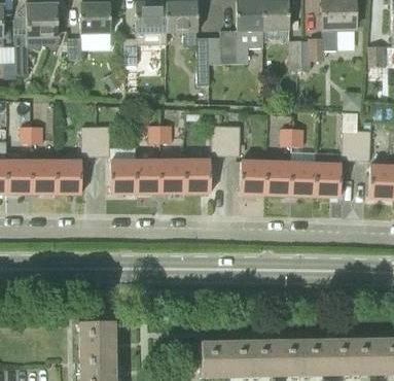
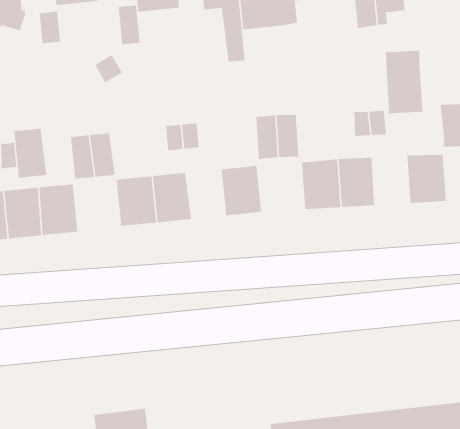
building: none -> [14,128,47,178]
building: [290,151,317,196] -> [385,50,423,114]
building: [160,159,185,192] -> none

